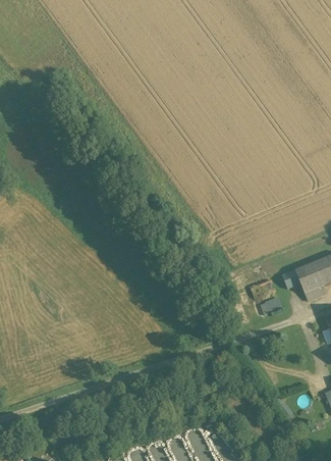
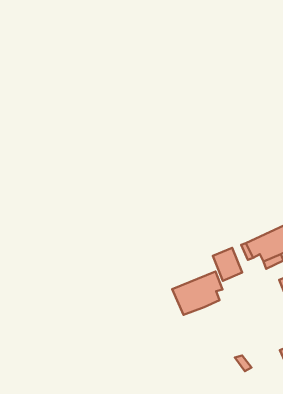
building: none -> [172,271,222,315]

